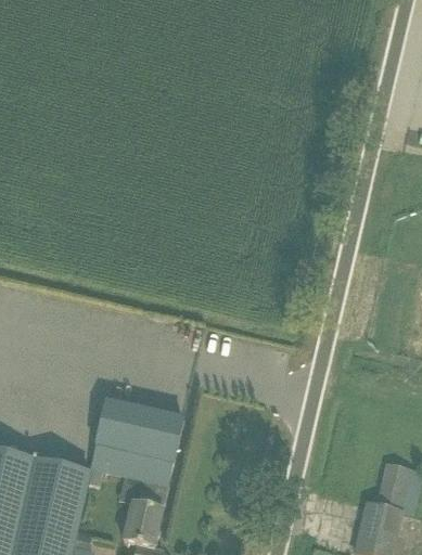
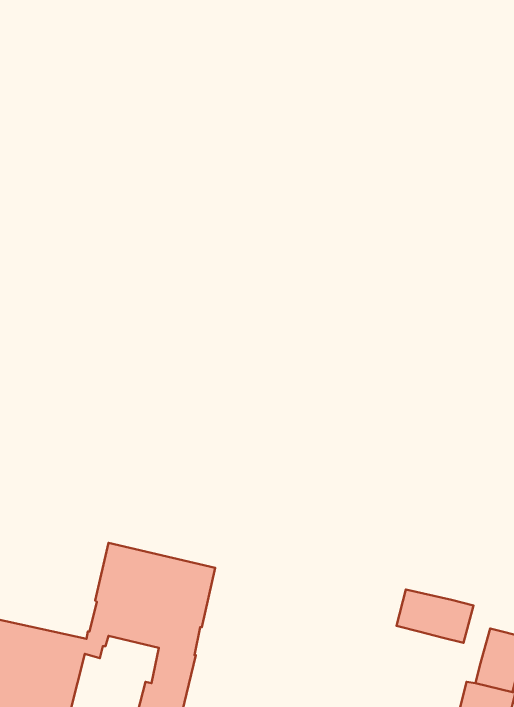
building: none -> [397,590,473,643]

